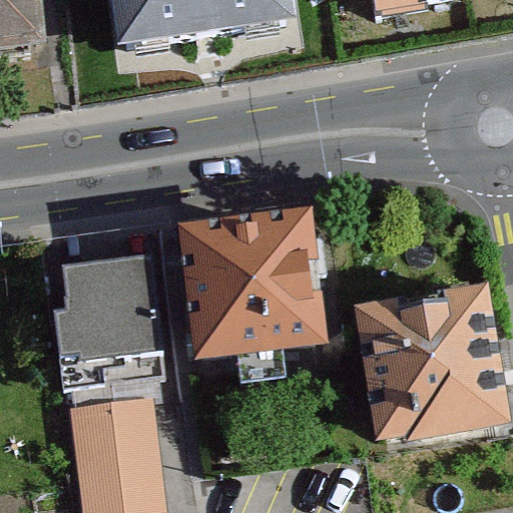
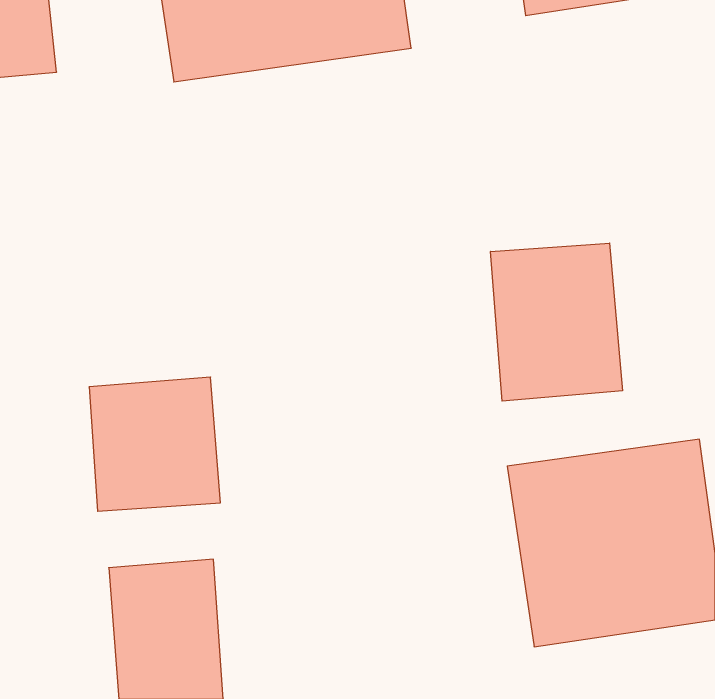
building: none -> [491,243,622,401]
building: [174,215,323,356] -> none

